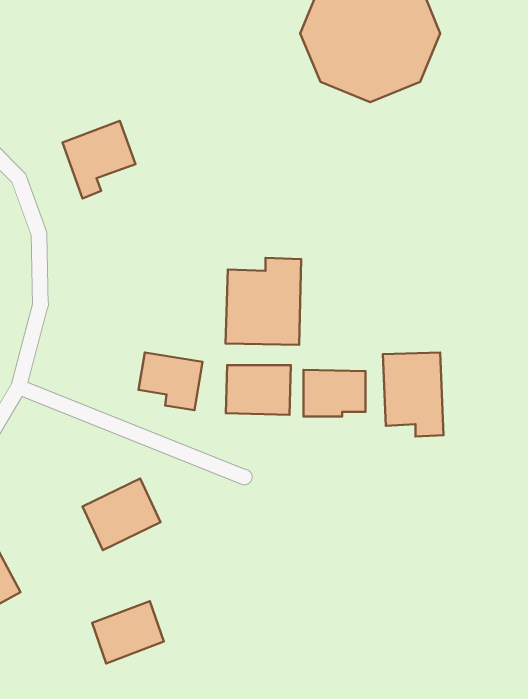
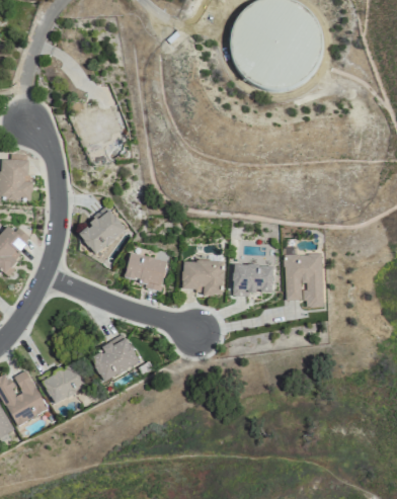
building: [225,258,301,345] -> none
building: none -> [78,209,127,255]
building: [92,601,164,663] -> [42,361,88,402]

